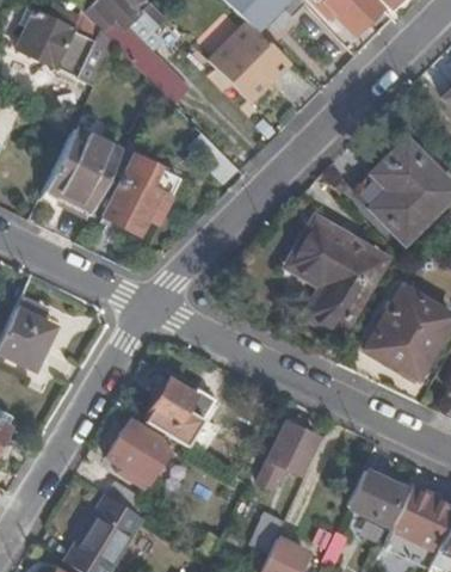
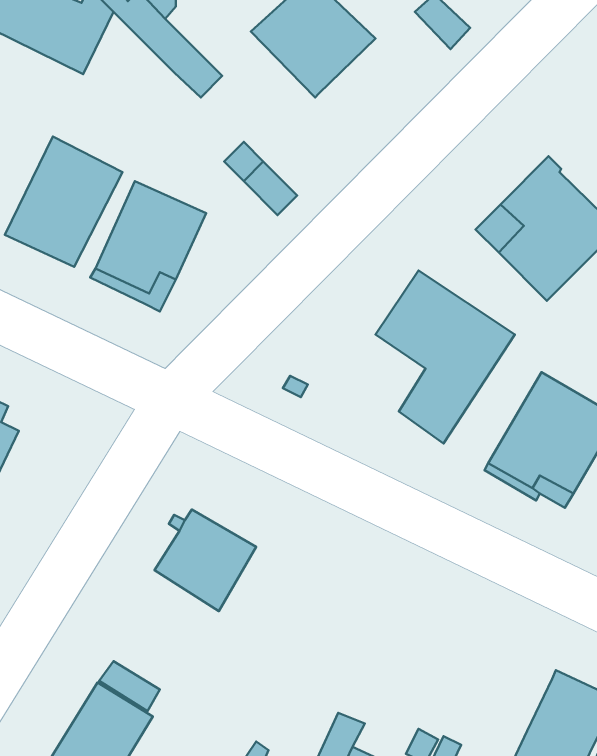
building: [107,418,173,482] -> none
building: [259,422,319,488] -> none
building: [348,470,410,527] -> none

